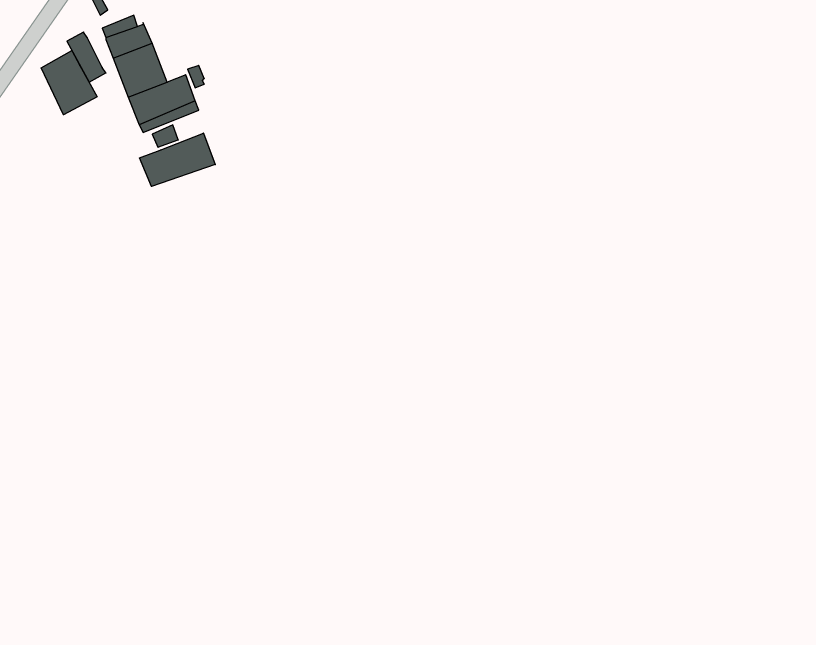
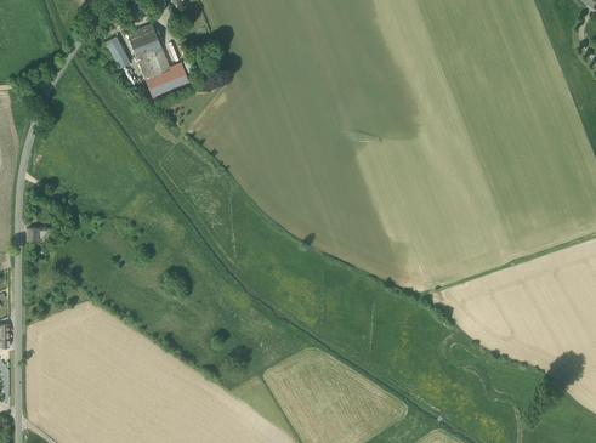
building: [41,50,97,115] -> none
building: [139,133,215,186] -> none

